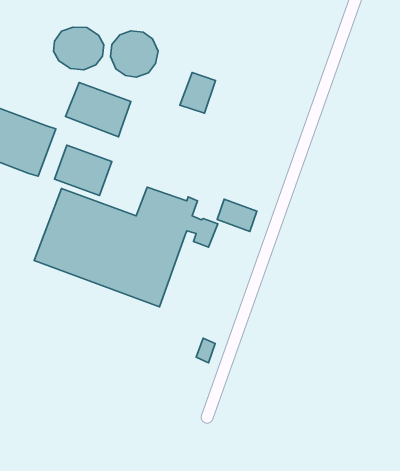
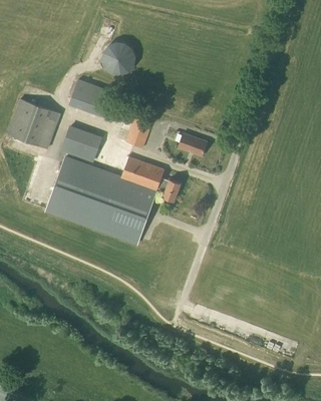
building: [54,27,104,70] -> none
building: [180,72,215,113] -> [125,117,151,147]
building: [217,199,257,232] -> [178,132,207,156]

